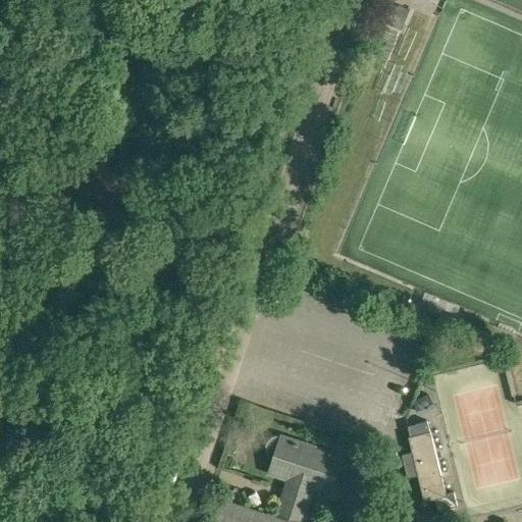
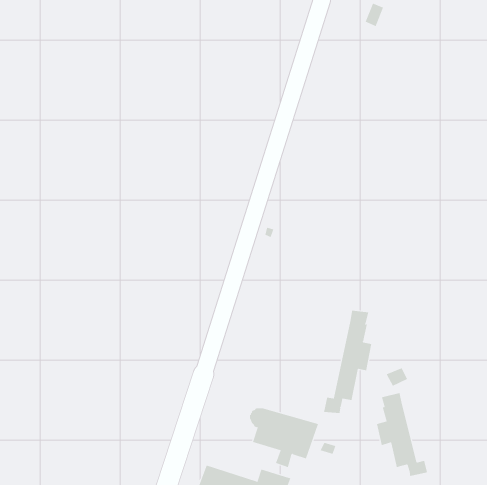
building: none -> [324,310,372,414]

